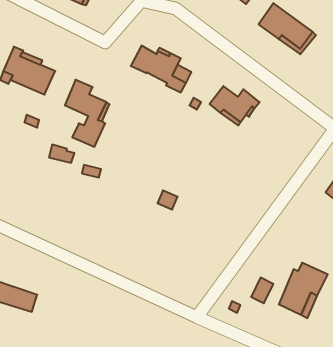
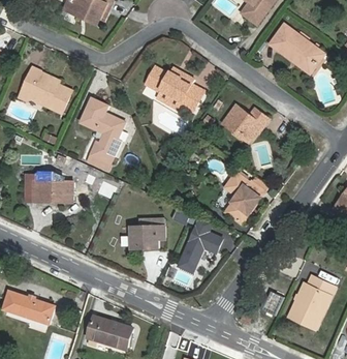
building: none -> [223,171,265,225]
building: none -> [25,175,72,202]
building: none -> [178,217,222,272]
building: none -> [130,218,163,247]
building: none -> [88,317,133,350]

